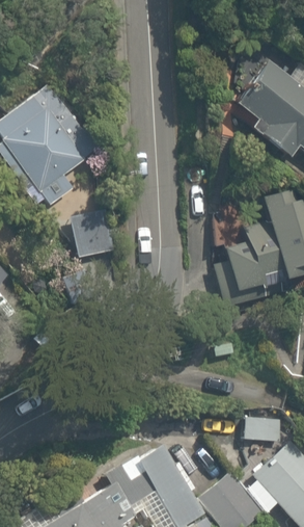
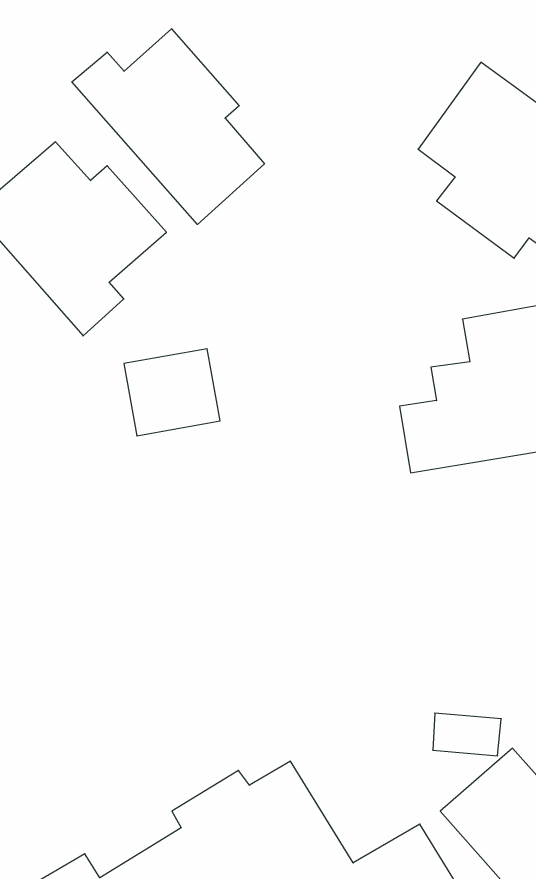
building: none -> [72,29,264,224]

